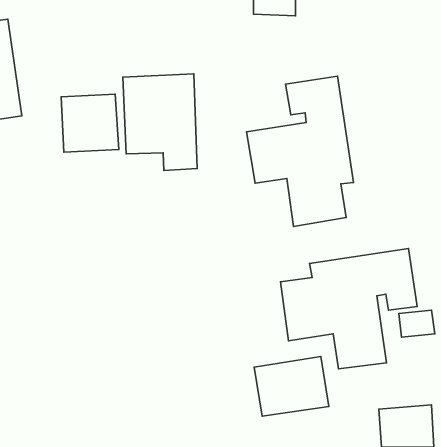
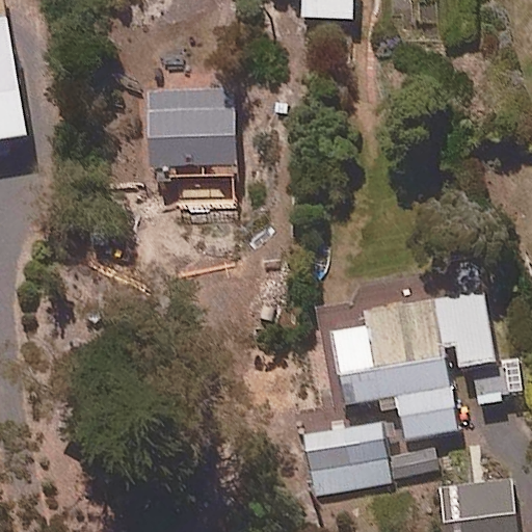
building: [246,76,354,227] -> none
building: [61,94,119,152] -> none

